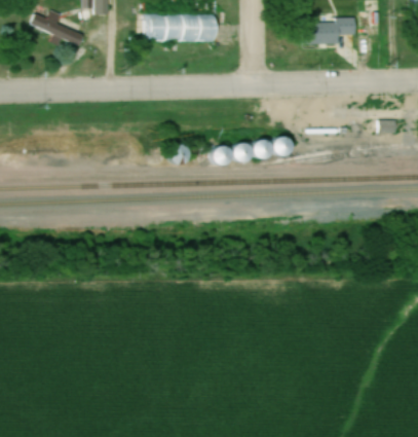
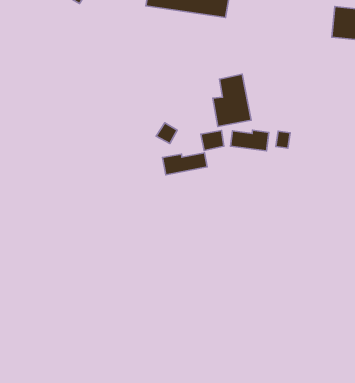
building: none -> [213,74,251,126]
building: none -> [162,153,207,175]

